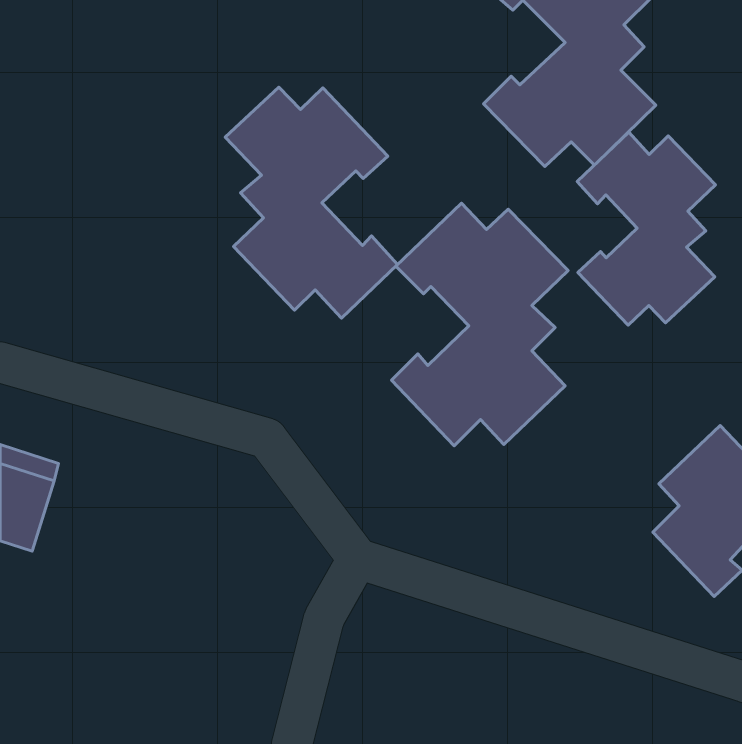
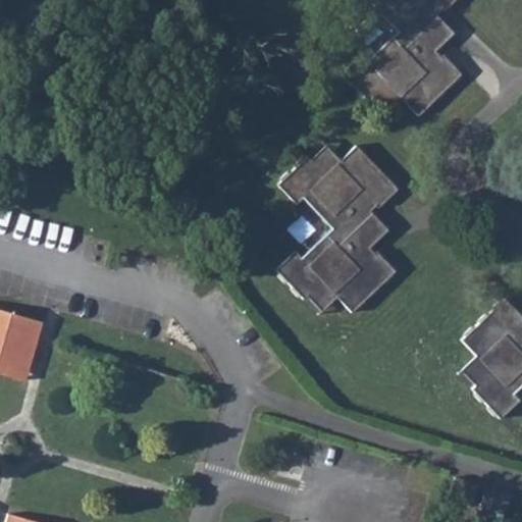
building: [225,87,398,318] -> none
building: [577,132,715,325] -> none

